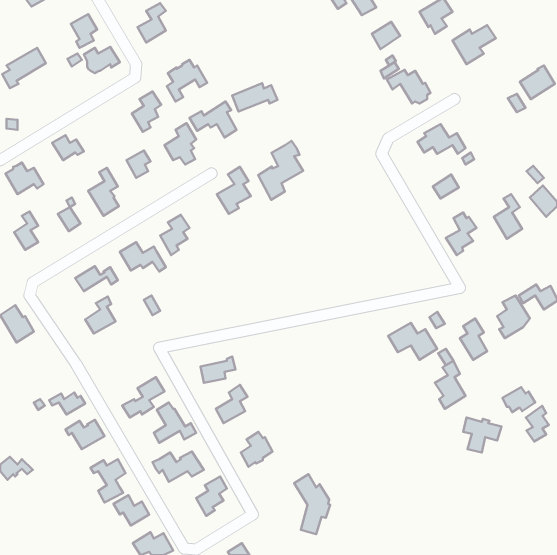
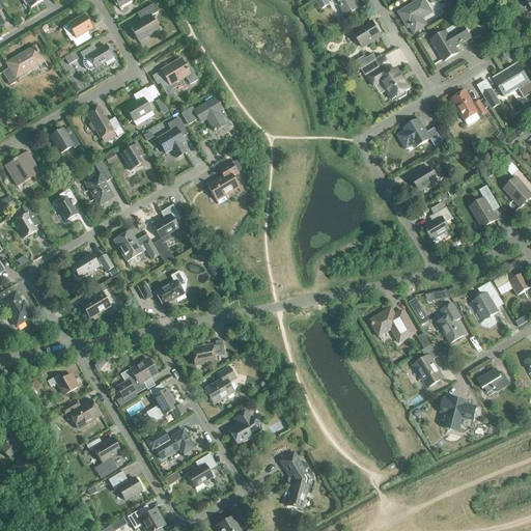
building: [232,83,278,112] -> none
building: none -> [452,90,485,119]
building: none -> [86,106,123,142]
building: [258,141,303,200] -> none
building: none -> [155,279,186,305]
building: [526,406,549,442] -> none

